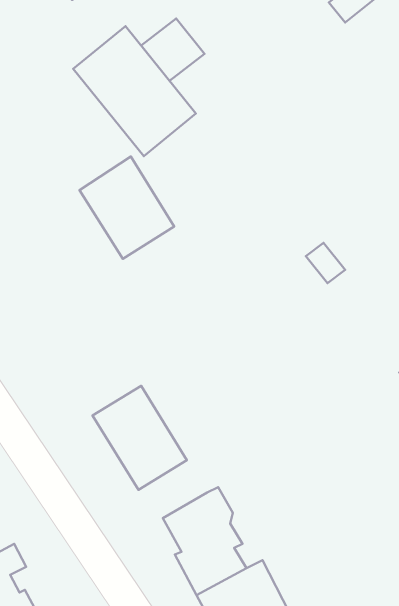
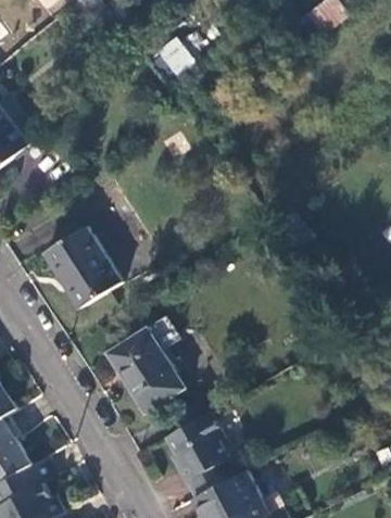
building: [73,26,196,156] -> none
building: [80,156,174,259] -> [42,226,118,308]

